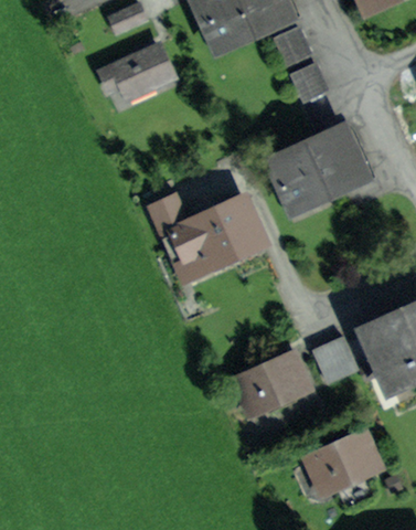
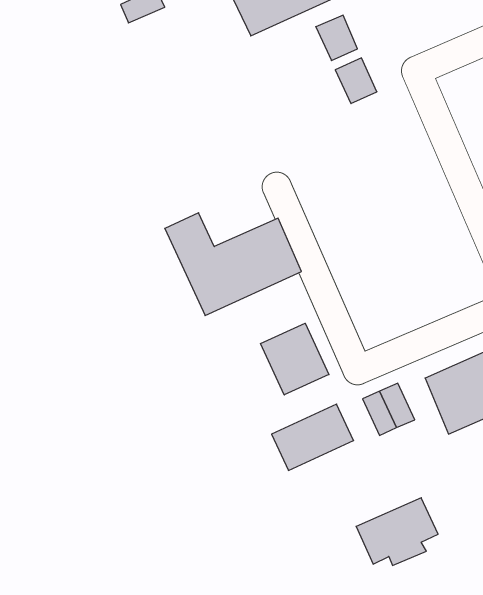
building: [100,46,172,95] -> none
building: [275,135,371,205] -> none
building: none -> [261,323,329,395]

